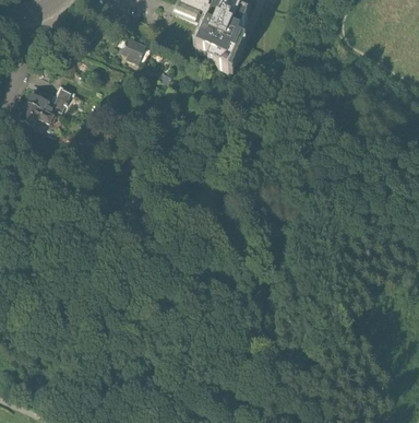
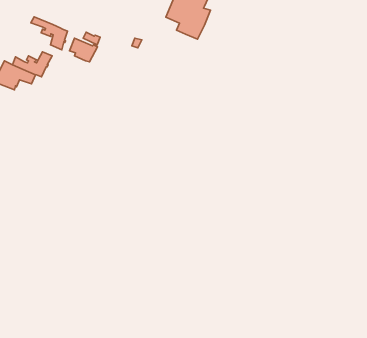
building: [121,39,152,66] -> [70,38,97,62]
building: none -> [31,17,67,50]

